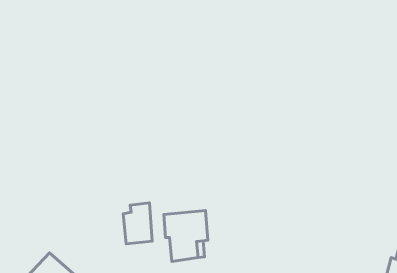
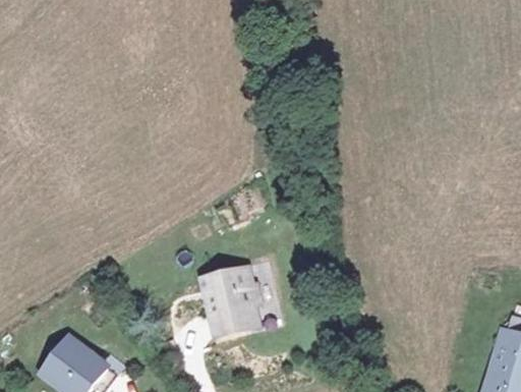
building: [123,203,152,244] -> none

